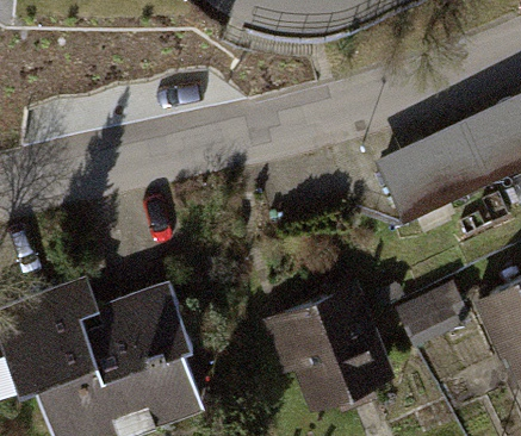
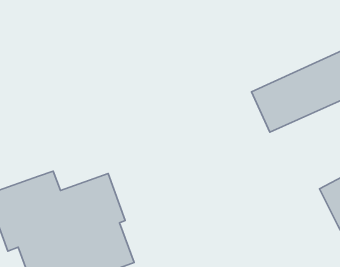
building: [260,284,391,413] -> none

